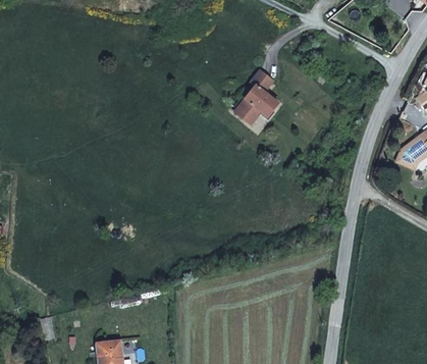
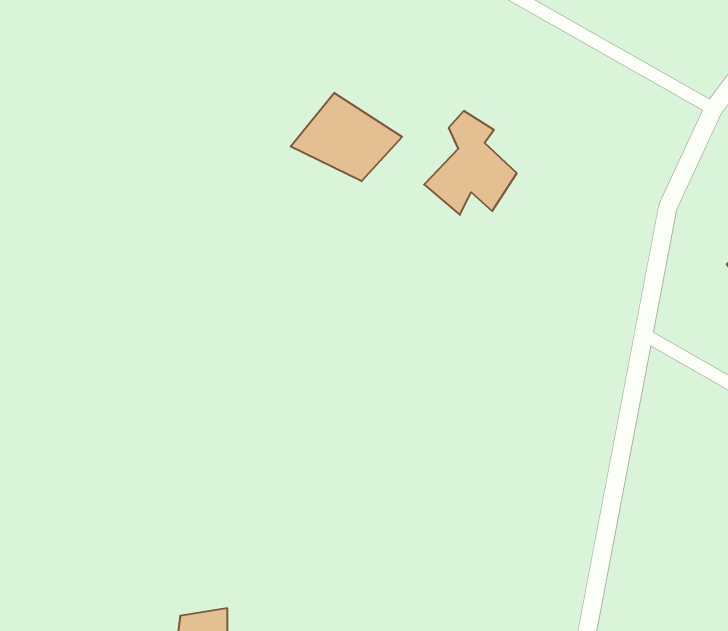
building: none -> [291,93,402,181]

